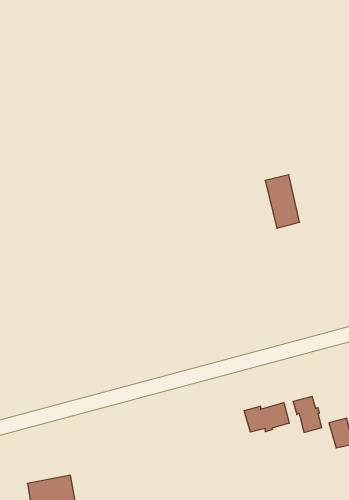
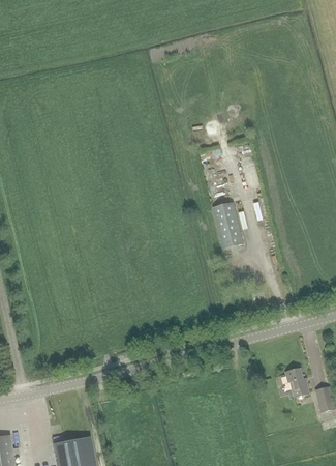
building: [265,175,300,228] -> [213,203,243,250]
building: [244,403,289,432] -> none

